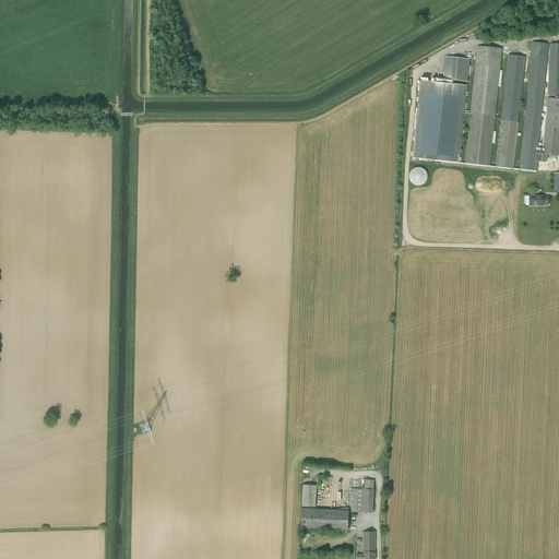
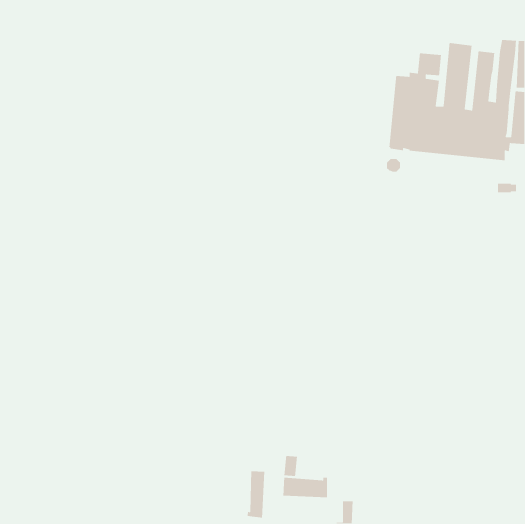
building: [350,475,374,512] -> none
building: none -> [247,470,265,518]

